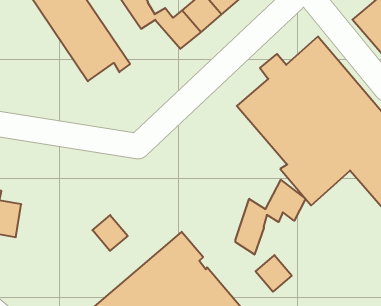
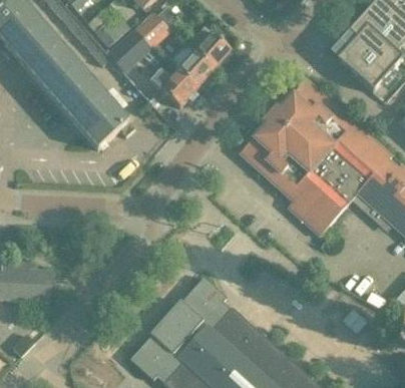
building: [235,180,305,255] -> none
building: [92,215,128,251] -> none
building: [256,255,292,292] -> none

